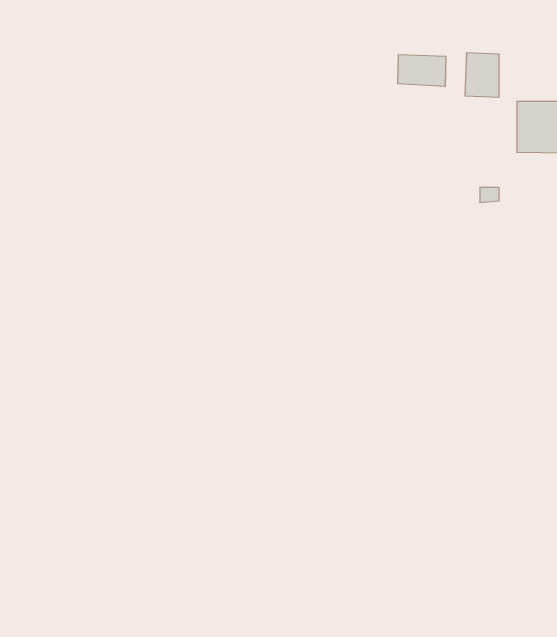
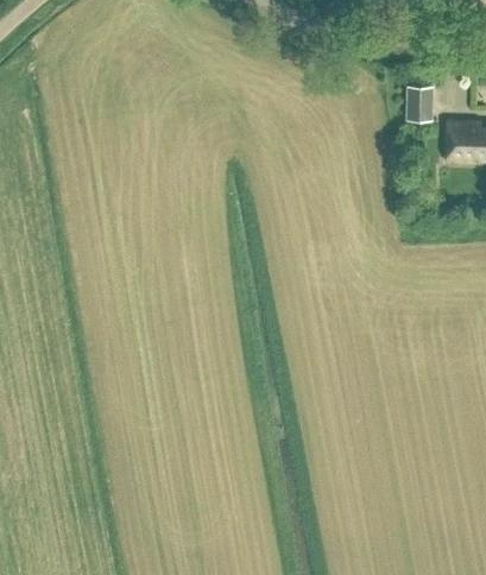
building: [398,55,446,87] -> none

